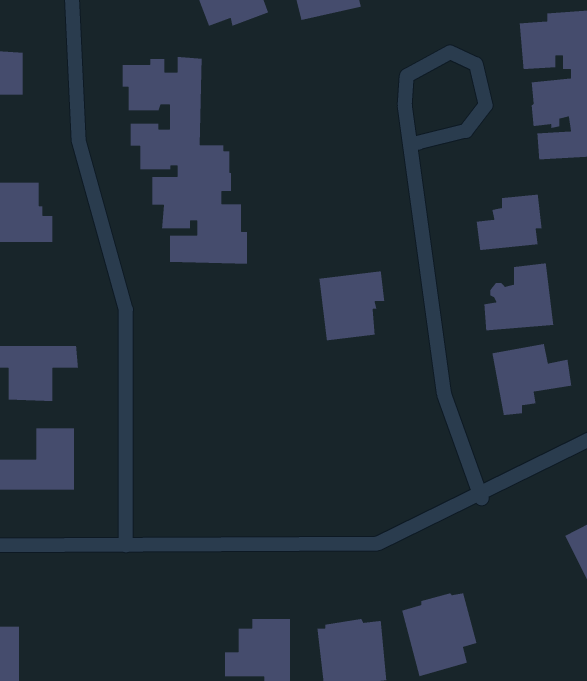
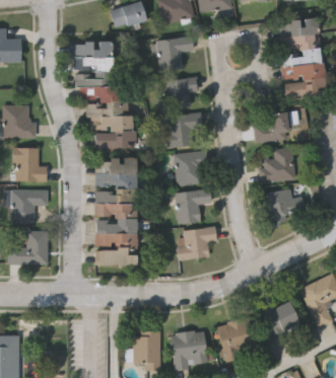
building: none -> [151,34,194,70]
building: none -> [159,77,199,110]
building: none -> [165,112,203,148]
building: none -> [13,148,47,180]
building: none -> [94,161,136,267]
building: none -> [174,191,211,226]
building: none -> [176,227,216,261]
building: none -> [259,300,303,339]

